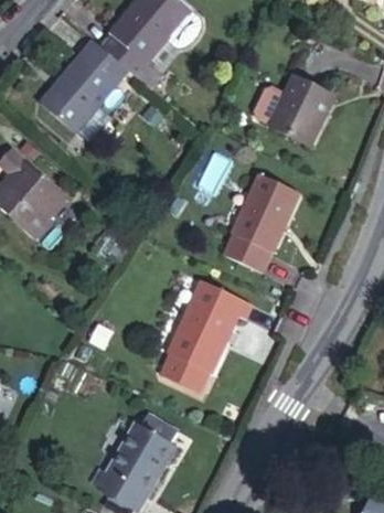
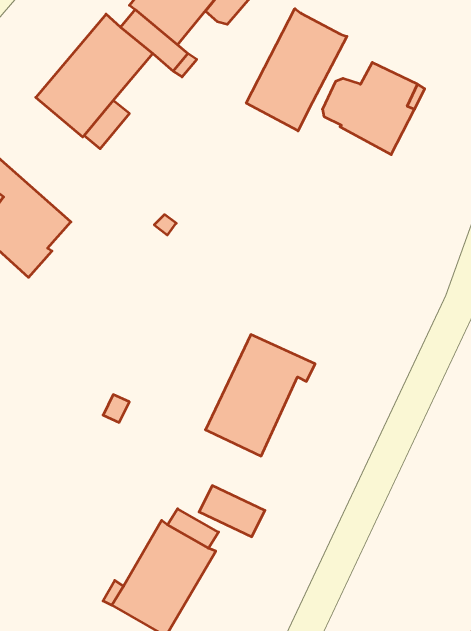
building: none -> [246,9,347,131]
building: [223,174,297,271] -> none
building: [160,354,210,393] -> [199,486,265,537]

